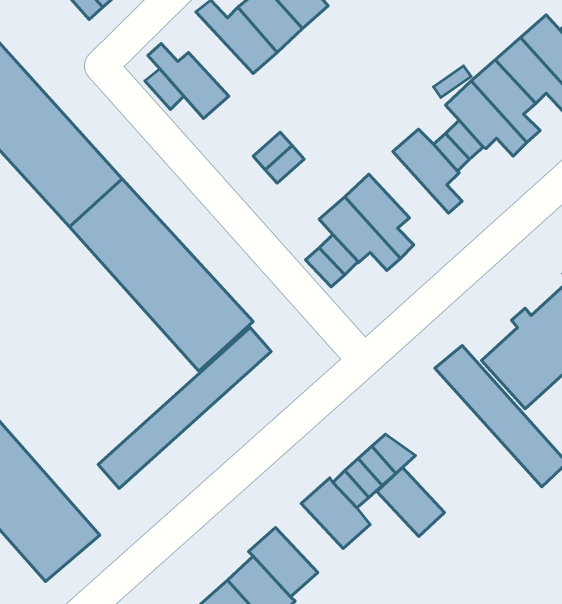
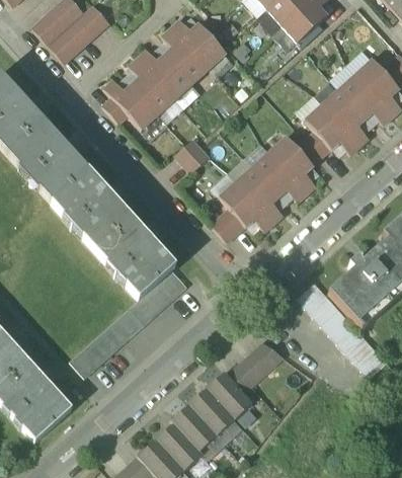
building: none -> [129,57,175,113]
building: none -> [253,151,307,201]
building: [377,467,444,537] -> [190,388,236,434]

